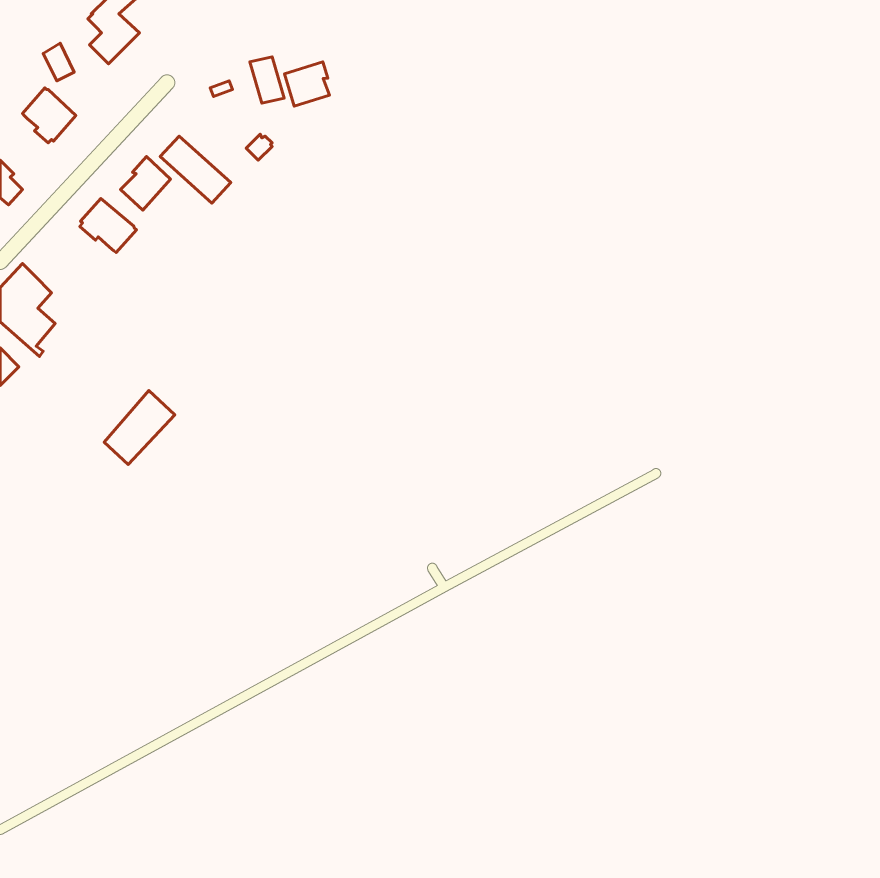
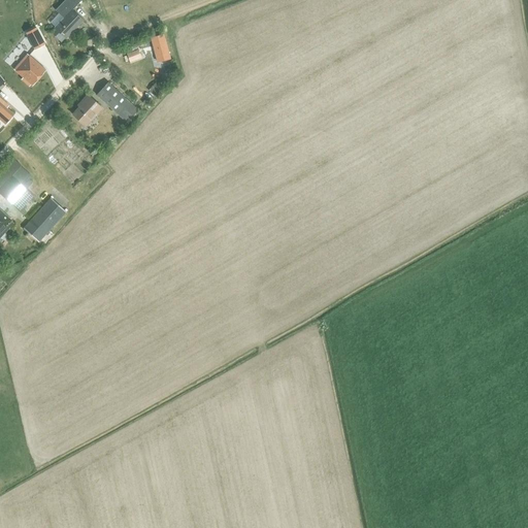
building: [285,62,330,106] -> none
building: [80,198,136,252] -> none
building: [104,391,175,465] -> [24,197,66,241]

